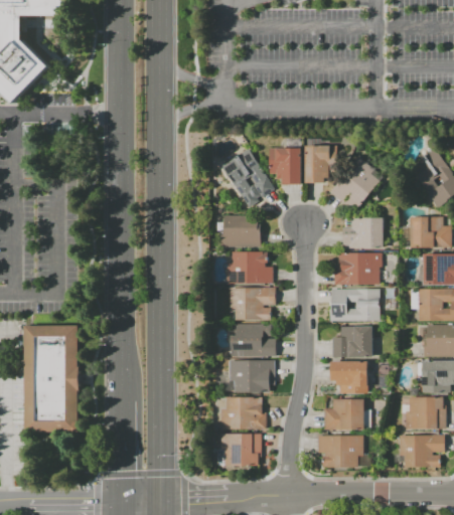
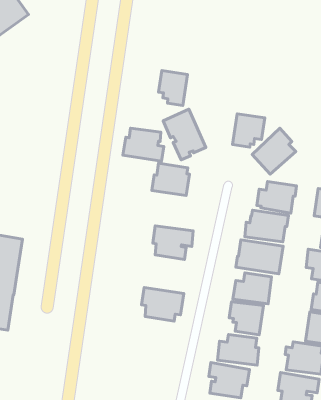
building: [270,148,300,184] -> [158,71,187,105]
building: [228,250,273,284] -> [123,128,164,161]
building: [231,324,276,357] -> none
building: [220,396,266,430] -> none
building: [217,434,261,466] -> none

